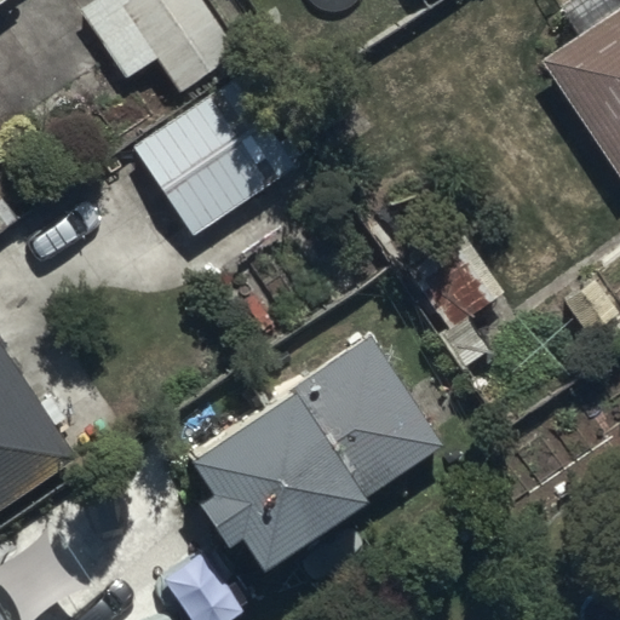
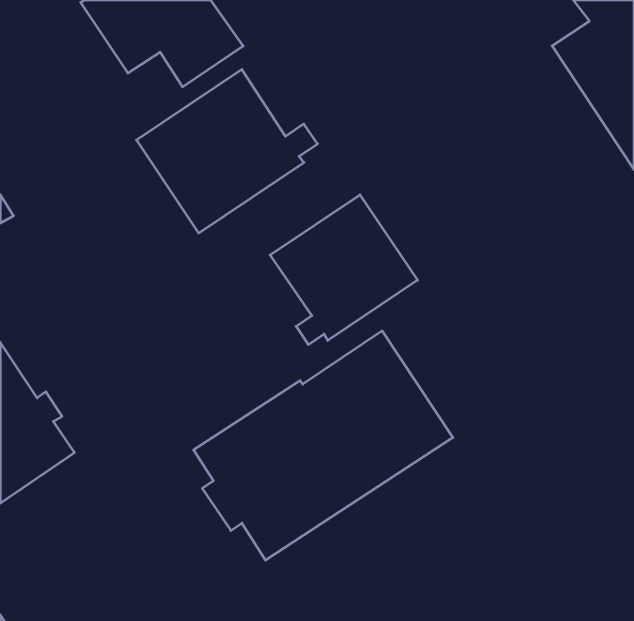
building: none -> [270,195,418,345]

